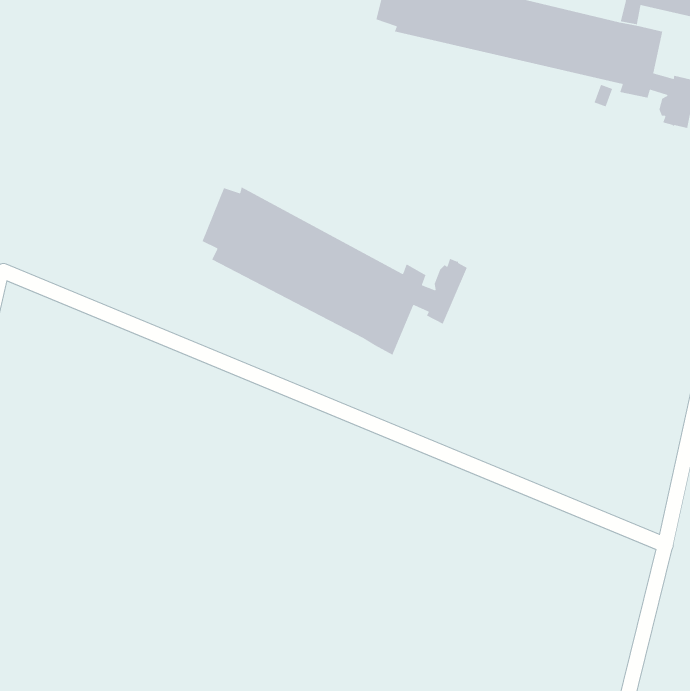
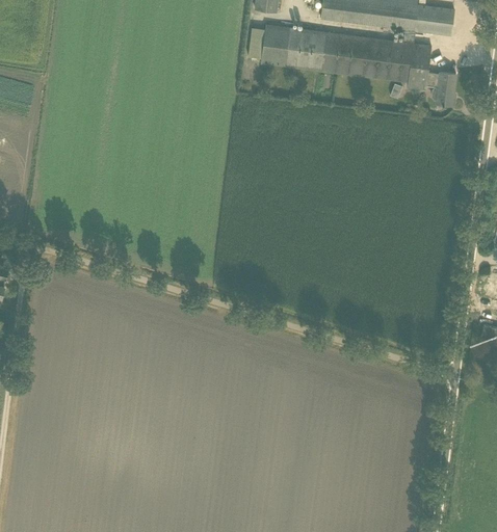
building: [201,186,468,356] -> none

